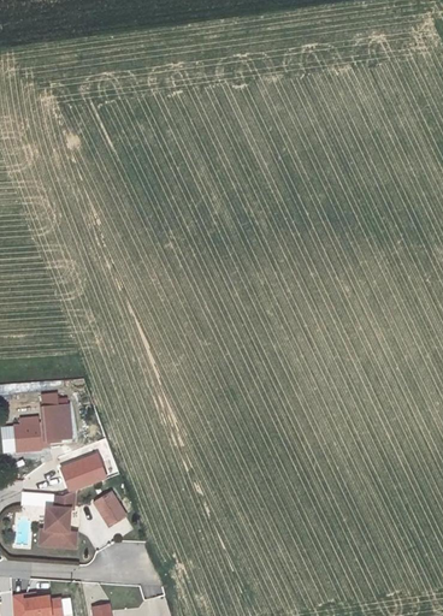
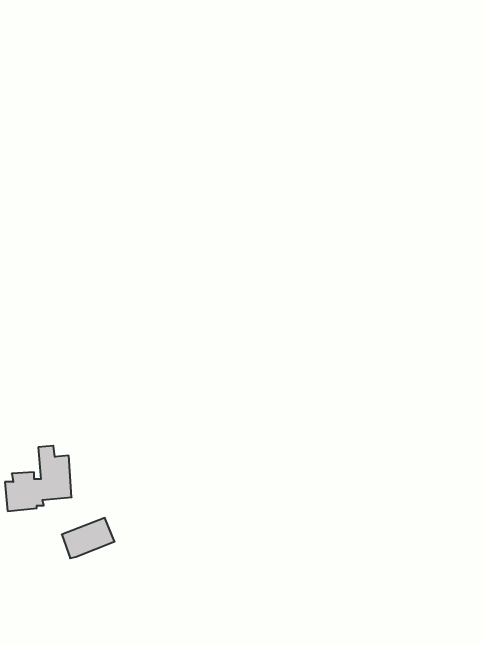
building: [40,491,75,546] -> none
building: [95,492,125,526] -> none

